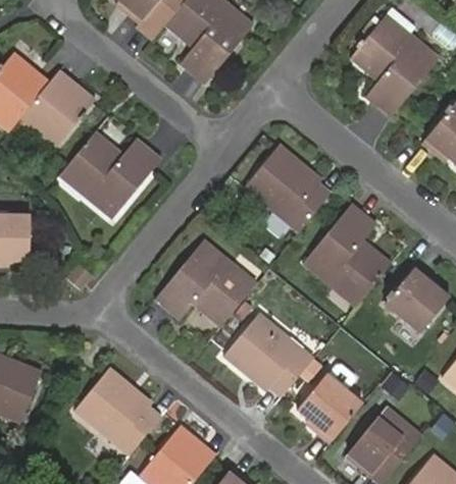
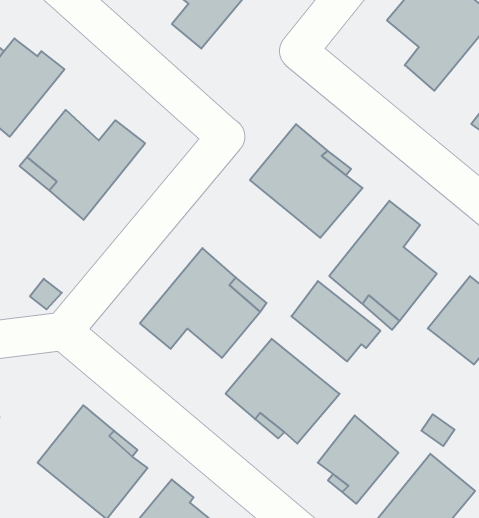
building: none -> [291,281,380,361]

